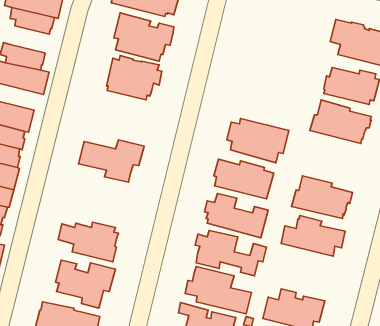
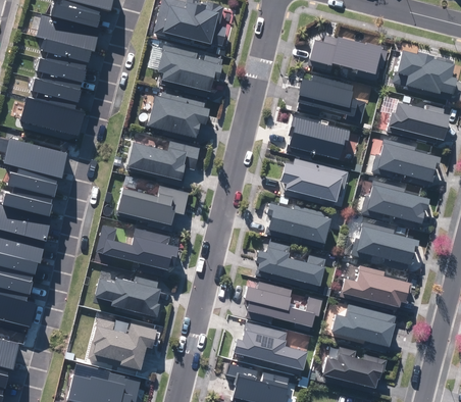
building: none -> [309,36,389,80]
building: none -> [37,54,86,86]
building: none -> [297,76,367,123]
building: none -> [288,115,350,158]
building: none -> [126,138,200,183]
building: none -> [363,181,429,228]
building: none -> [96,223,178,272]
building: none -> [331,303,397,353]

